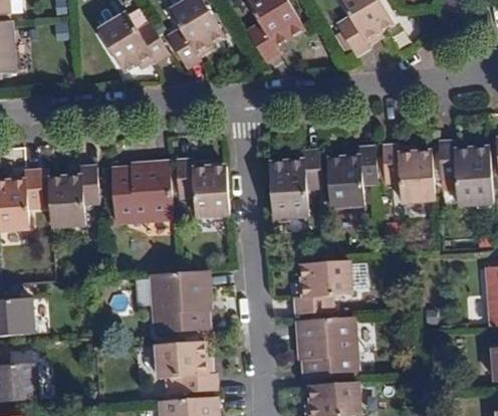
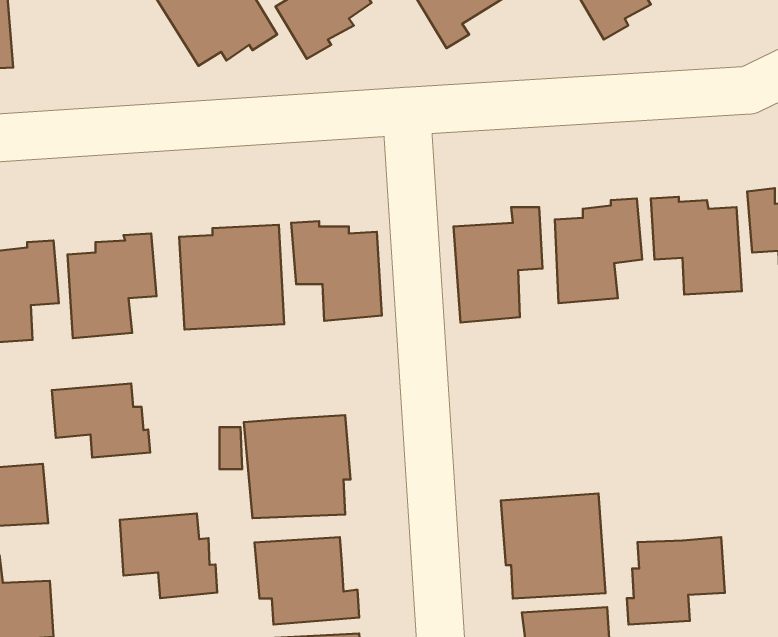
building: none -> [52,384,150,457]
building: [294,261,350,311] -> [627,537,725,624]
building: none -> [120,513,217,598]

